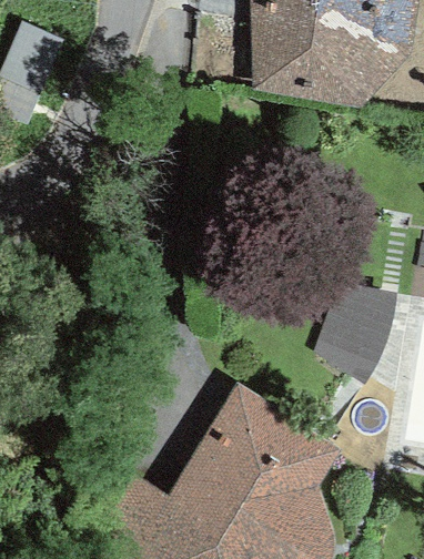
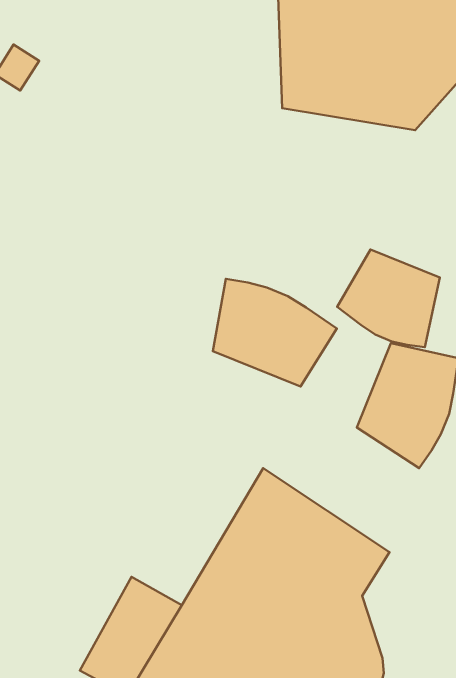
building: none -> [337,250,440,347]
building: none -> [213,279,337,386]

